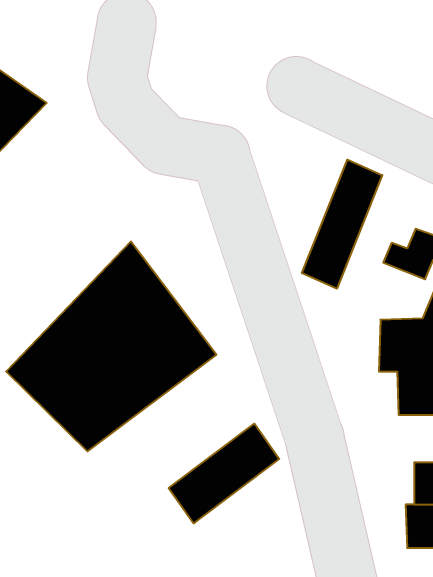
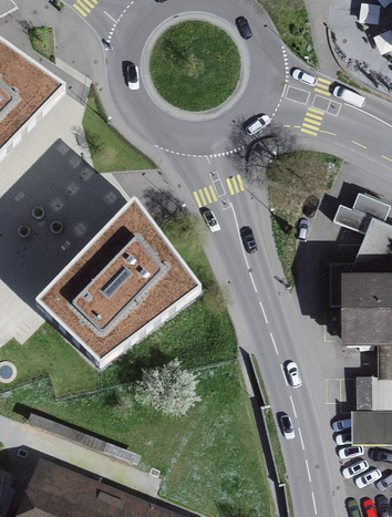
building: [302,160,382,289] -> none
building: [169,424,279,523] -> none

